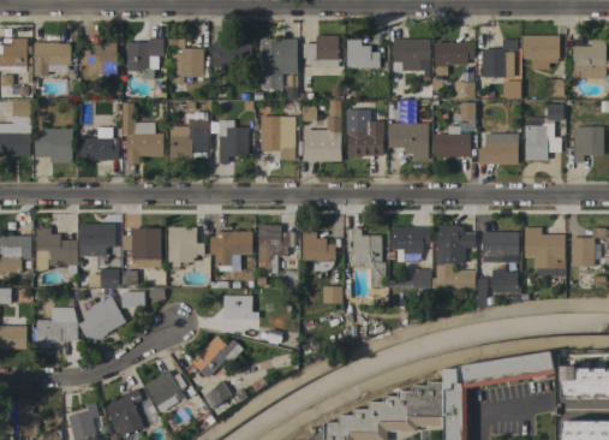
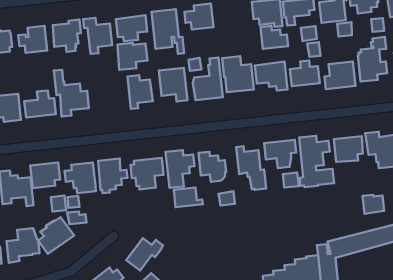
building: [346,40,380,69] -> [261,26,288,49]
building: [169,126,208,160] -> [117,43,147,70]
building: [491,268,518,292] -> [362,195,384,214]
building: [221,296,257,319] -> [174,188,203,207]

